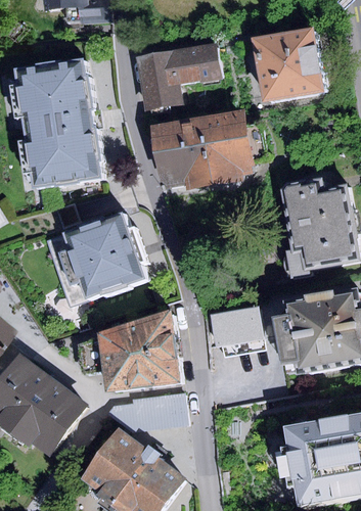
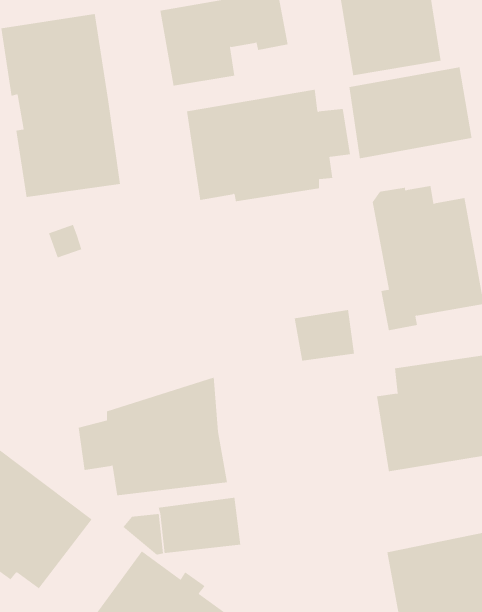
building: none -> [349,66,472,159]
building: [51,215,150,306] -> none
building: [213,308,255,343] -> [294,309,355,361]

